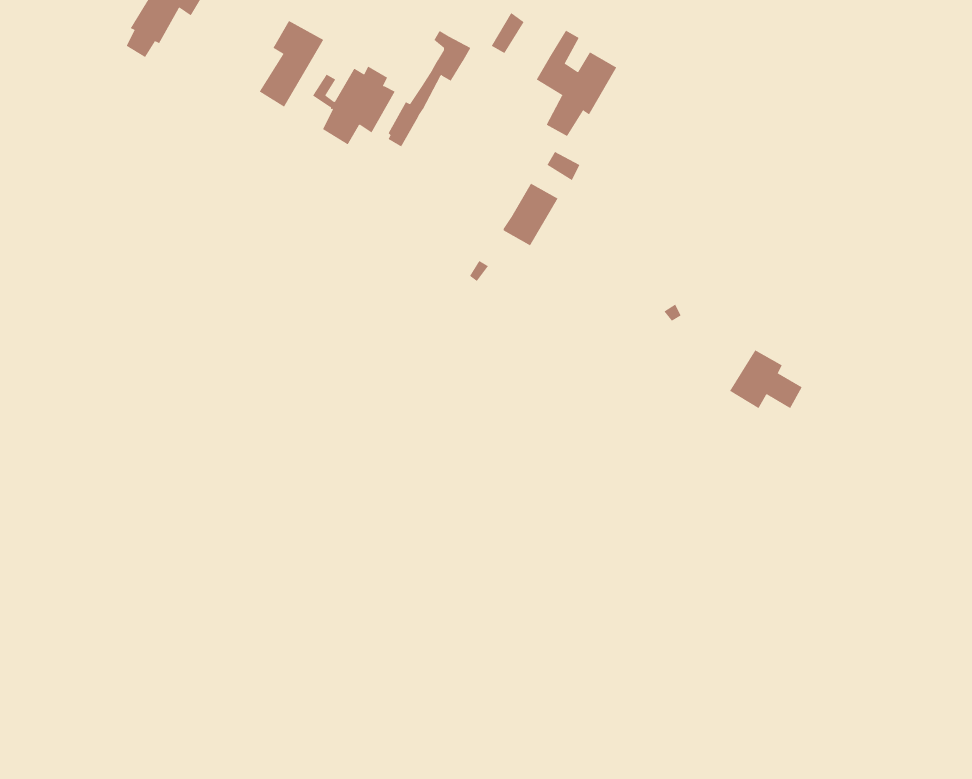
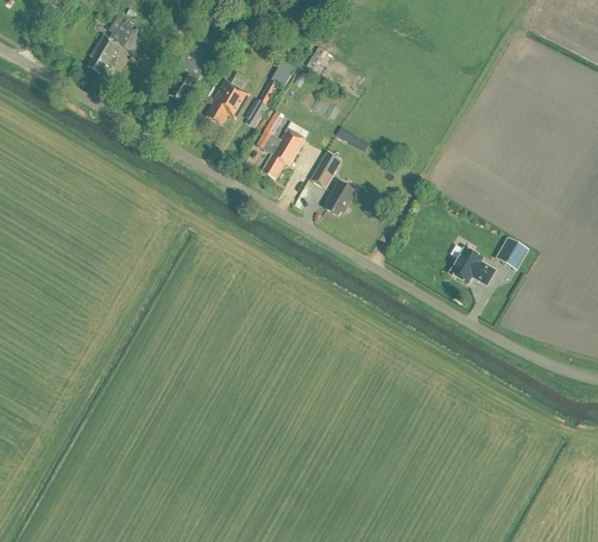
building: [536,30,617,137] -> [256,114,304,178]
building: none -> [325,181,355,215]
building: none -> [496,237,529,270]

